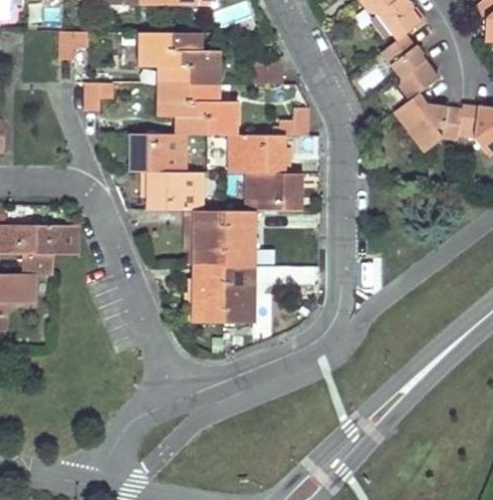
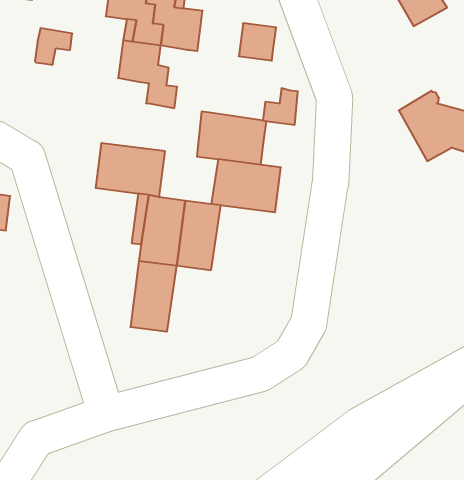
building: [381,33,439,99] -> none
building: [188,83,237,135] -> none
building: [131,133,185,172] -> none
building: [224,266,254,323] -> none

